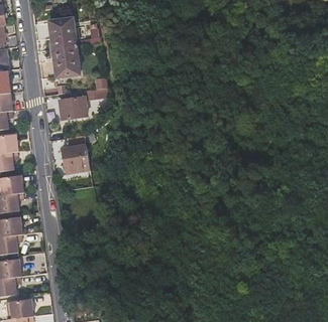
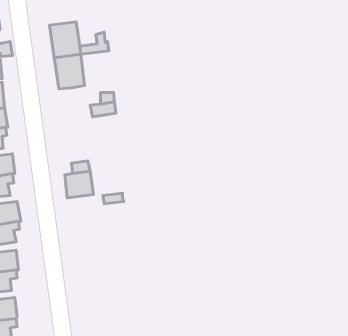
building: [61,100,85,122] -> none

